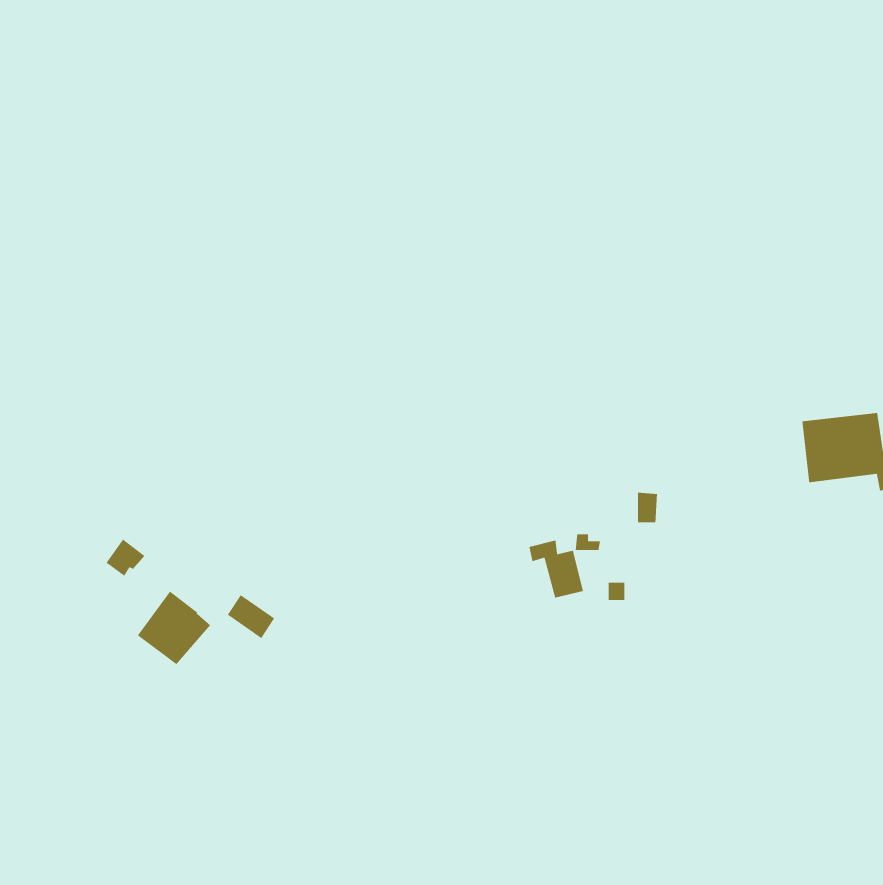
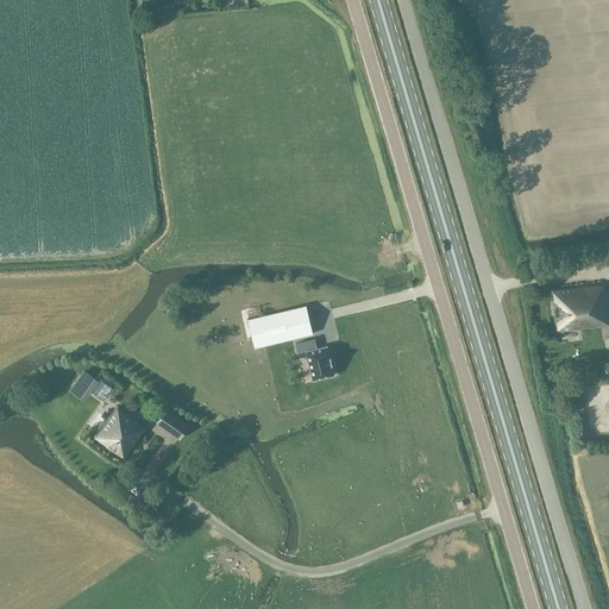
building: none -> [249,306,314,347]
building: [528,540,584,598] -> [296,339,334,379]

